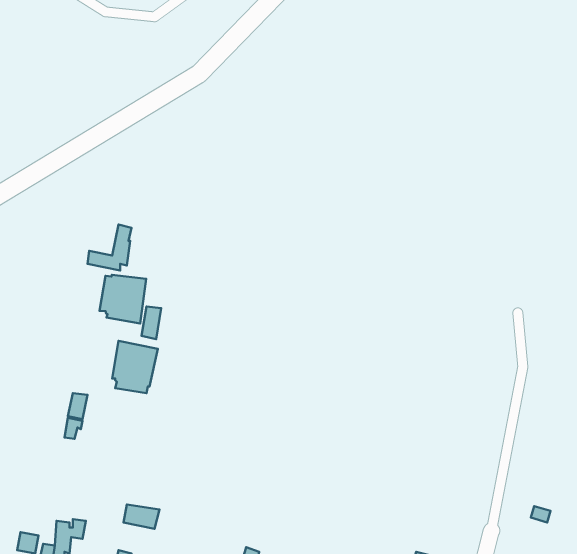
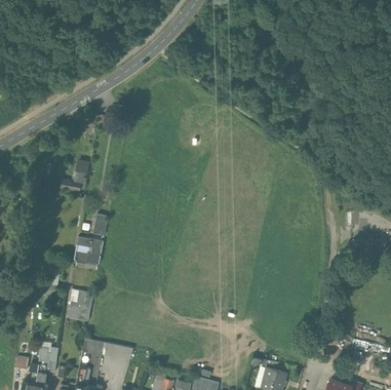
building: [99,275,146,324] -> none
building: none -> [68,289,93,321]

